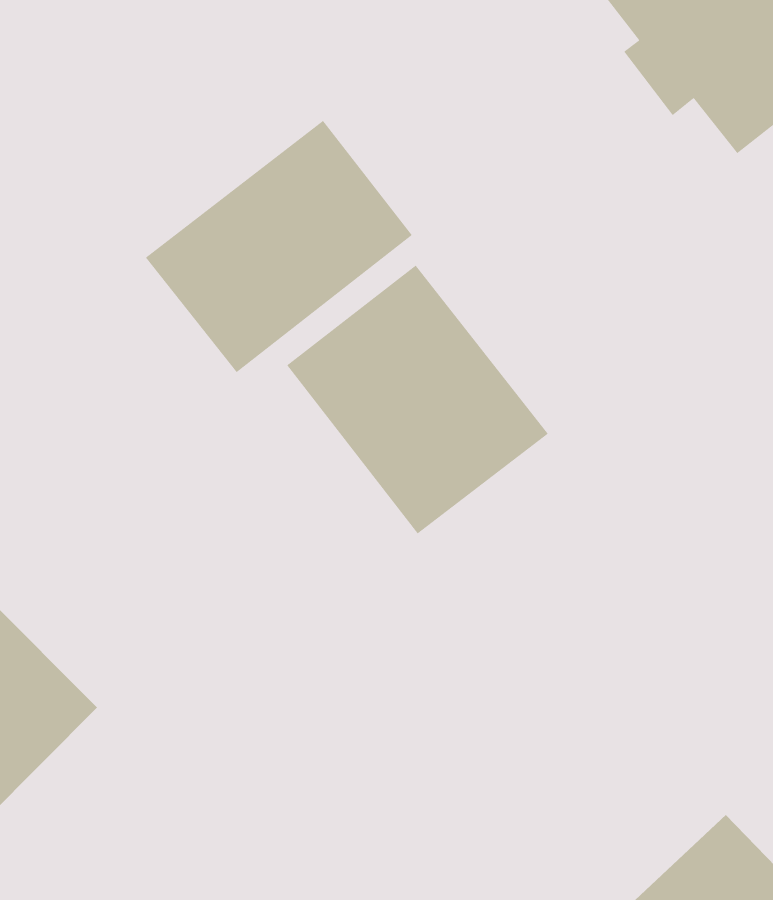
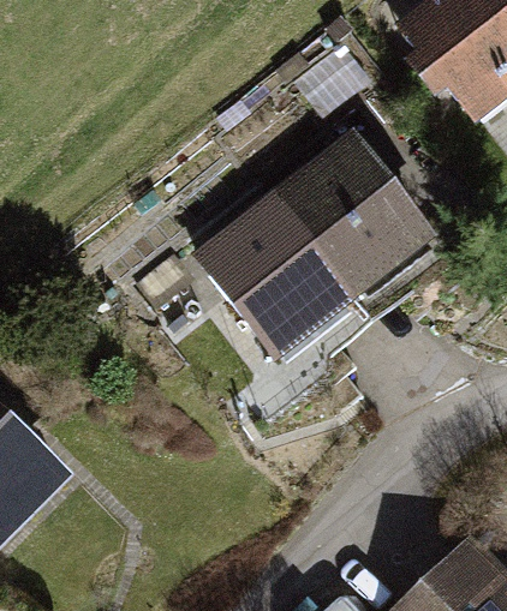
building: [145,120,413,373] -> none
building: none -> [274,131,437,300]

